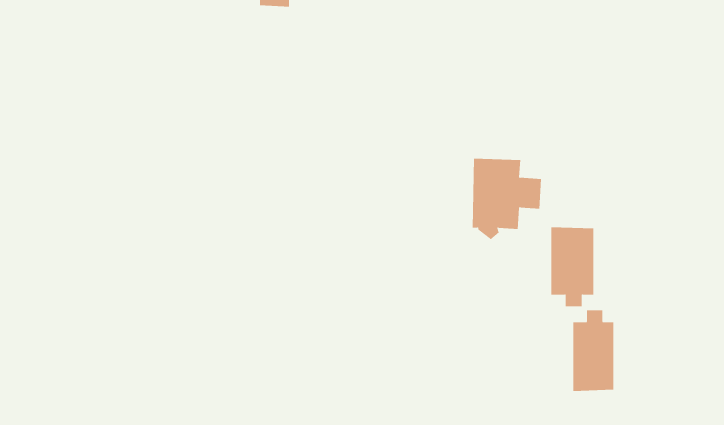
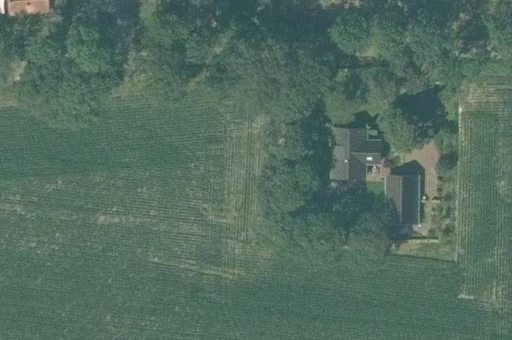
building: [573,309,614,392] -> none

